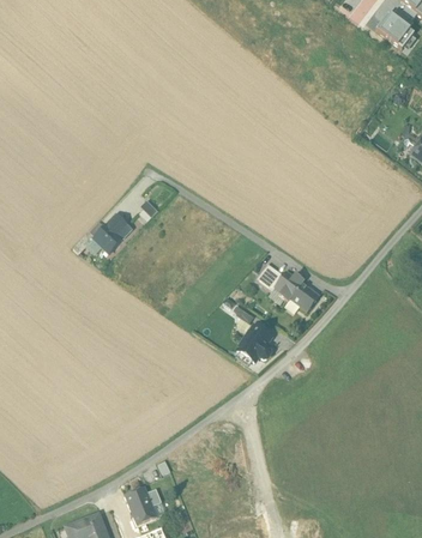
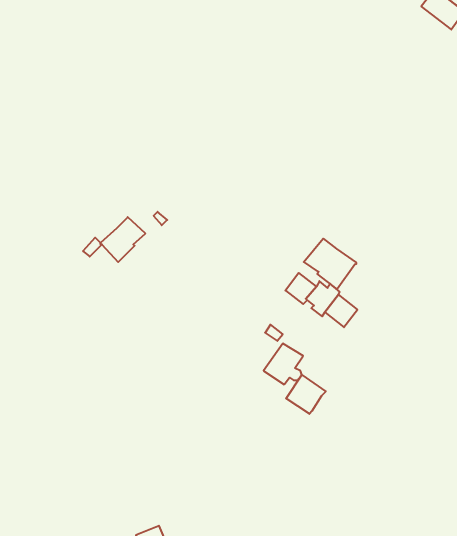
building: none -> [304,239,356,289]
building: none -> [286,375,326,414]

